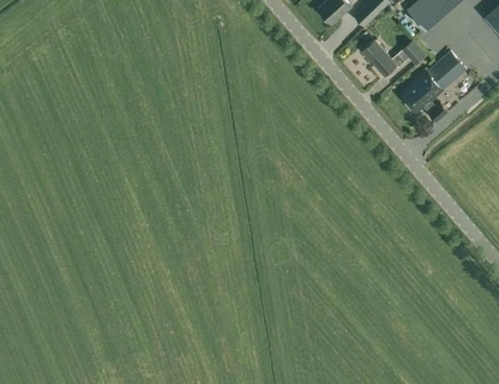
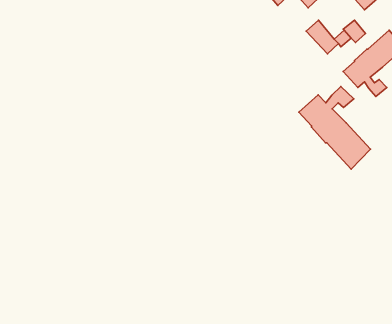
building: none -> [299,86,371,169]

